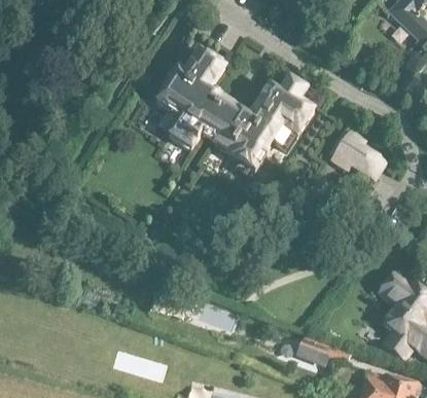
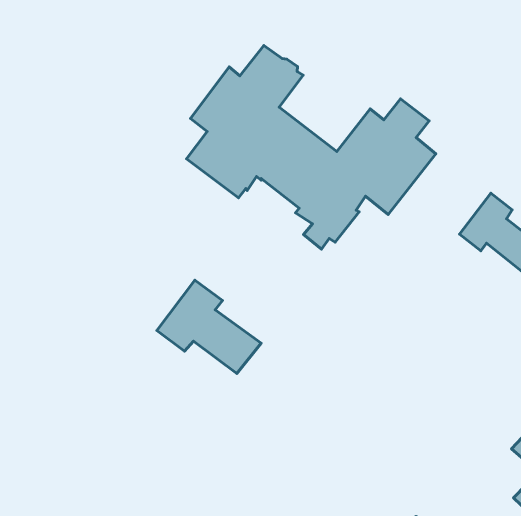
building: none -> [157,280,261,373]

